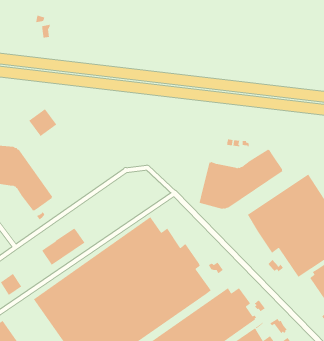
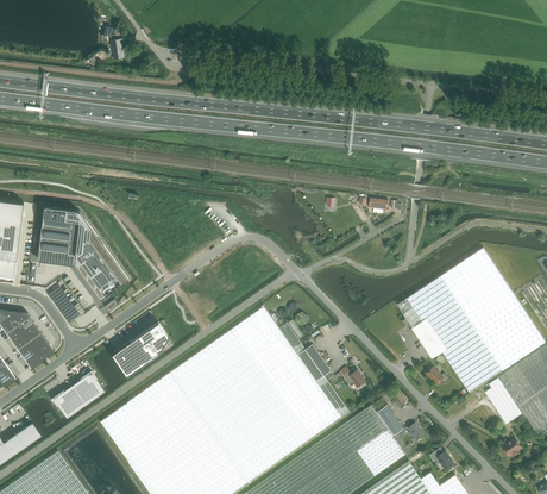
building: [28,108,57,137] -> none
building: [199,149,284,210] -> none
building: none -> [71,373,103,405]

